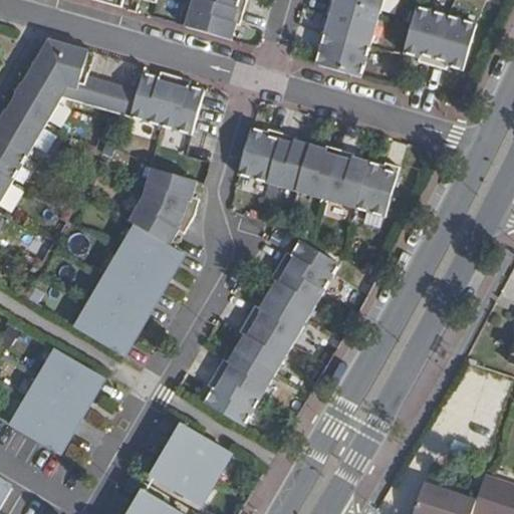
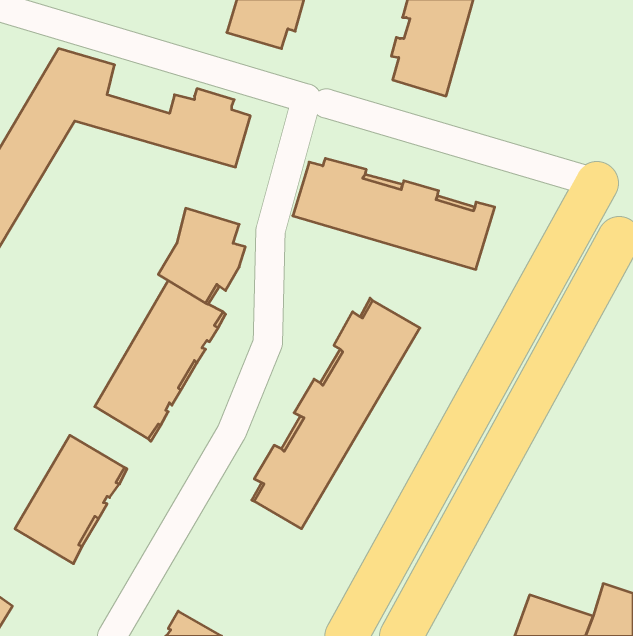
building: [402,7,475,71] -> none
building: [152,426,228,504] -> none

